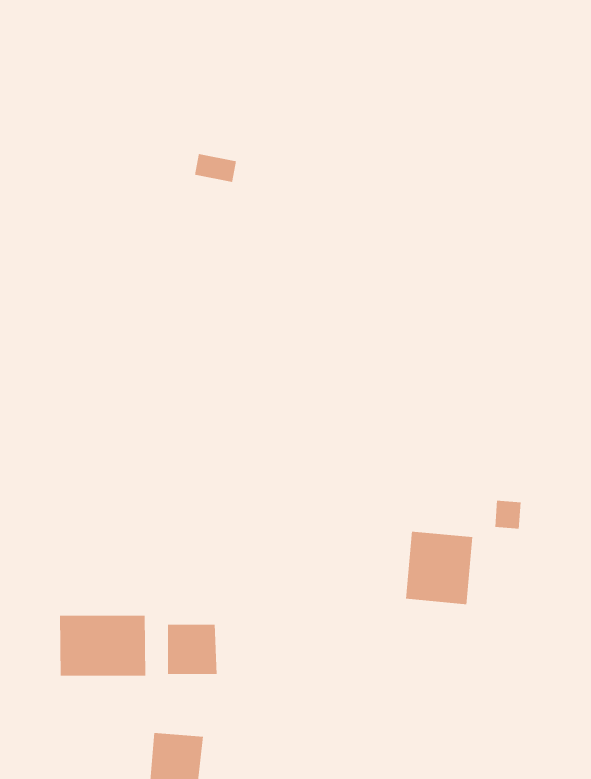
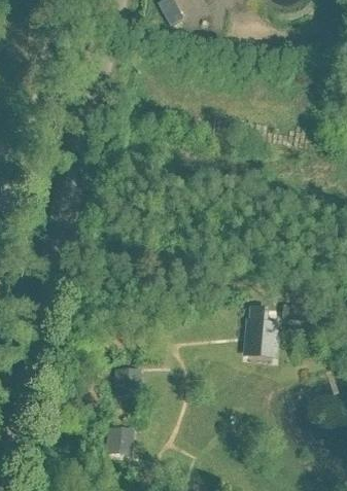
building: [59,615,146,676] -> none

